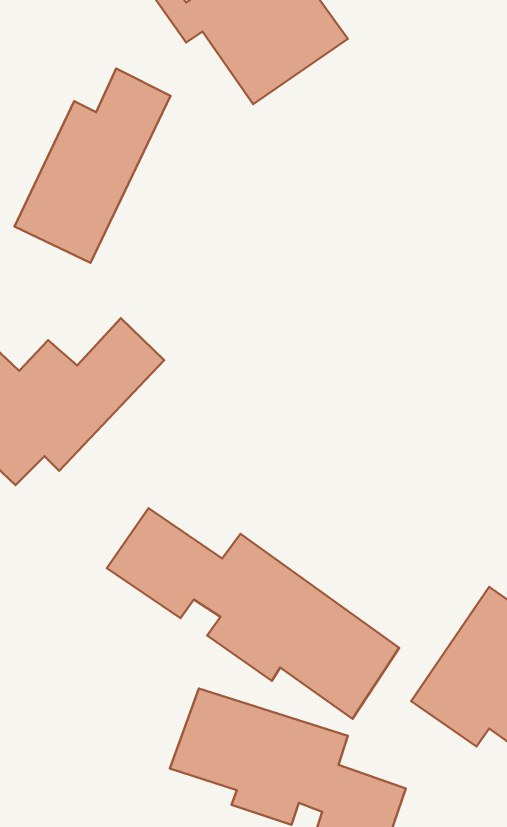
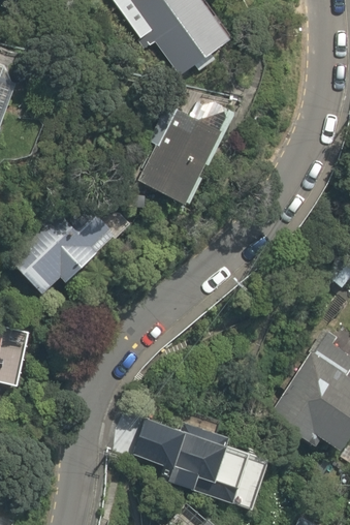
building: [14,68,171,263] -> [140,93,229,204]
building: [107,508,399,719] -> none

